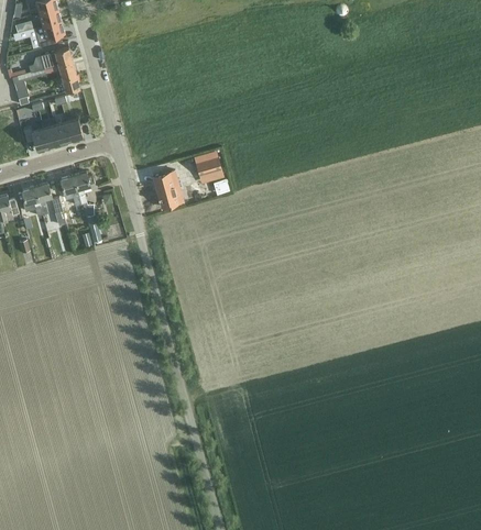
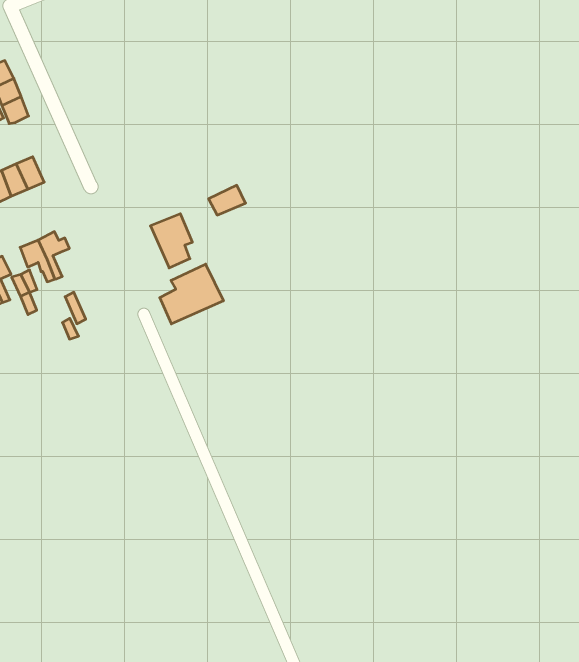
building: none -> [160,264,223,324]

